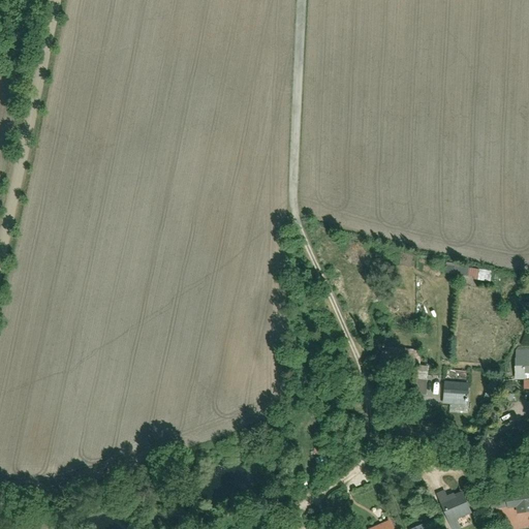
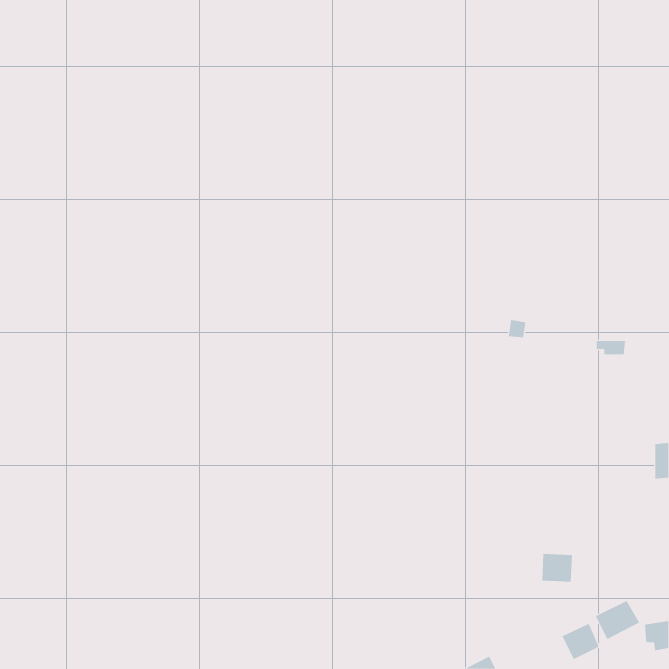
building: [442,380,467,403] -> [541,553,573,582]
building: none -> [595,600,640,640]

